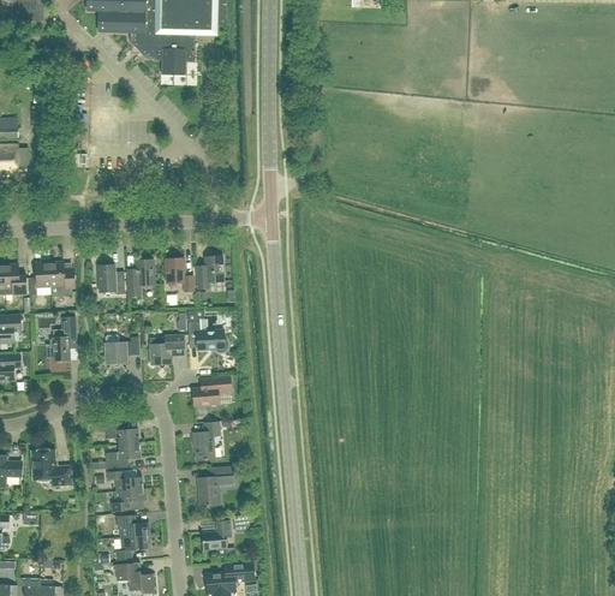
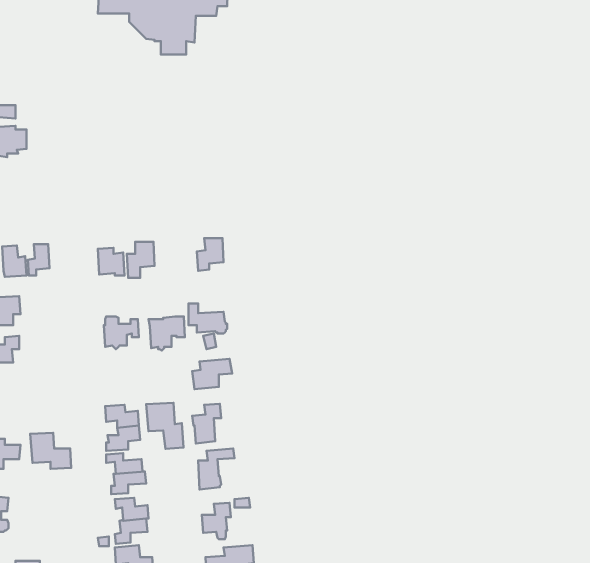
building: [165,257,192,291] -> none
building: [48,261,72,294] -> none
building: [52,316,76,360] -> none
building: none -> [146,403,184,449]

